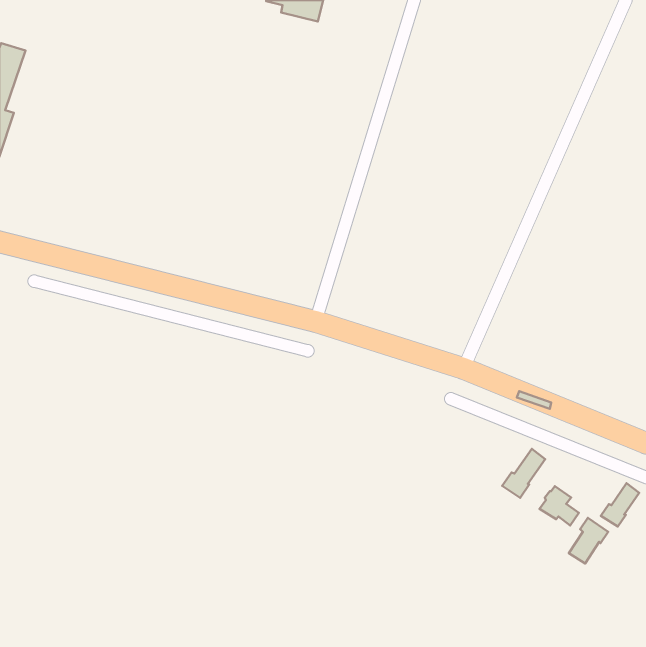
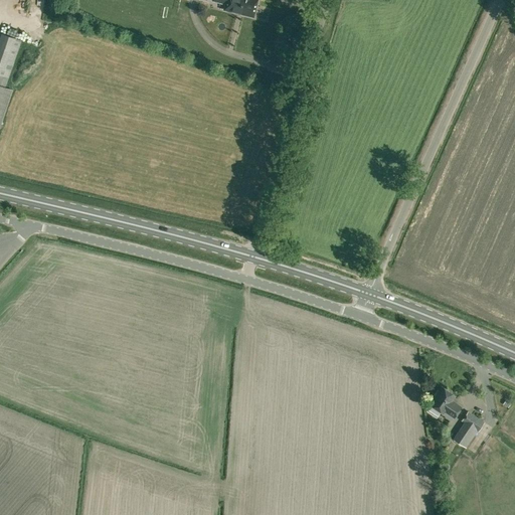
building: [502,449,545,498] -> none
building: [601,483,639,527] -> none

